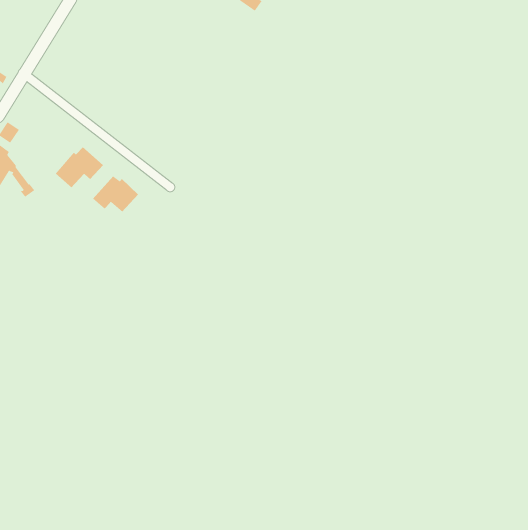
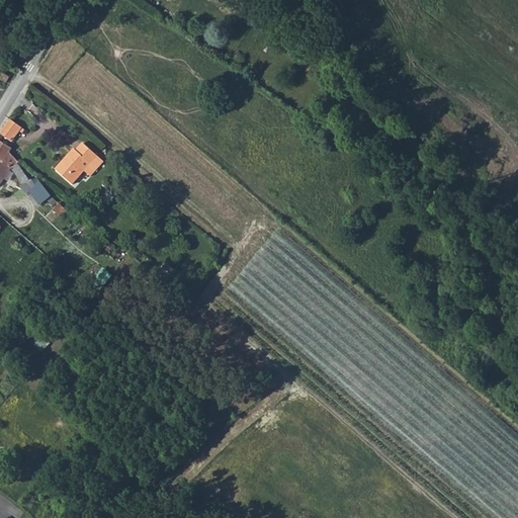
building: [92,175,139,213] -> none

